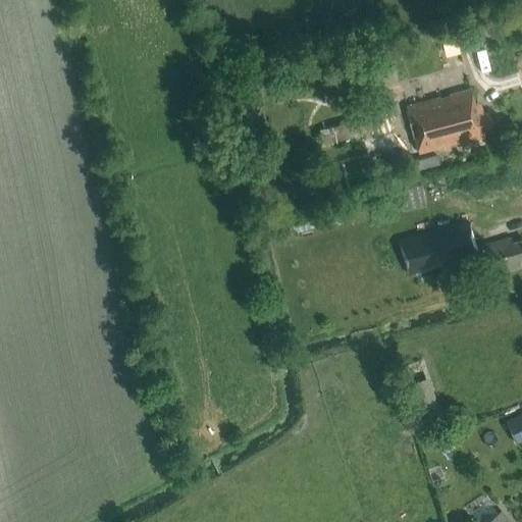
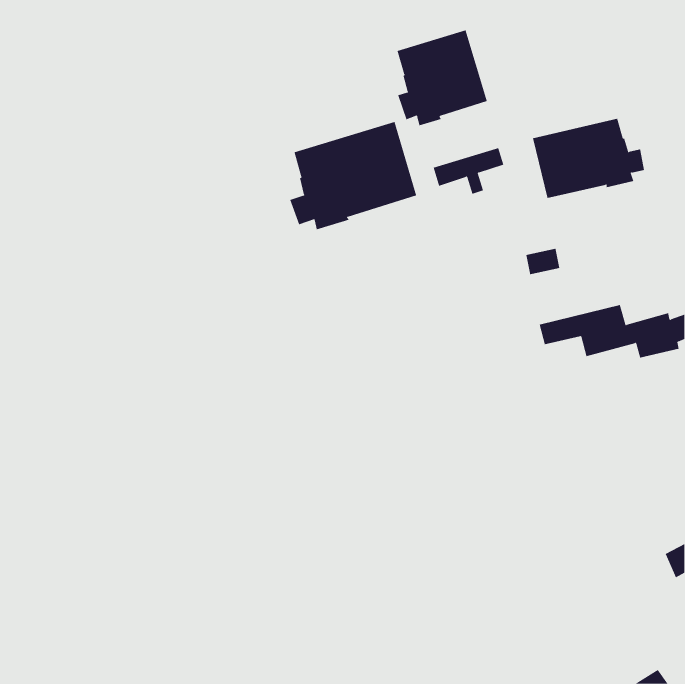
building: none -> [397,29,487,126]
building: none -> [290,121,417,230]

